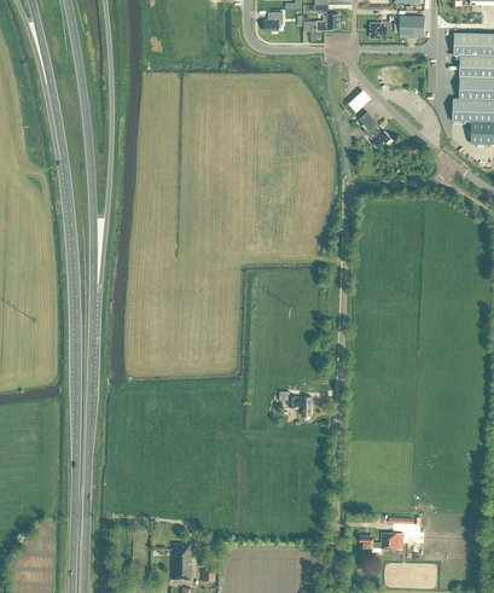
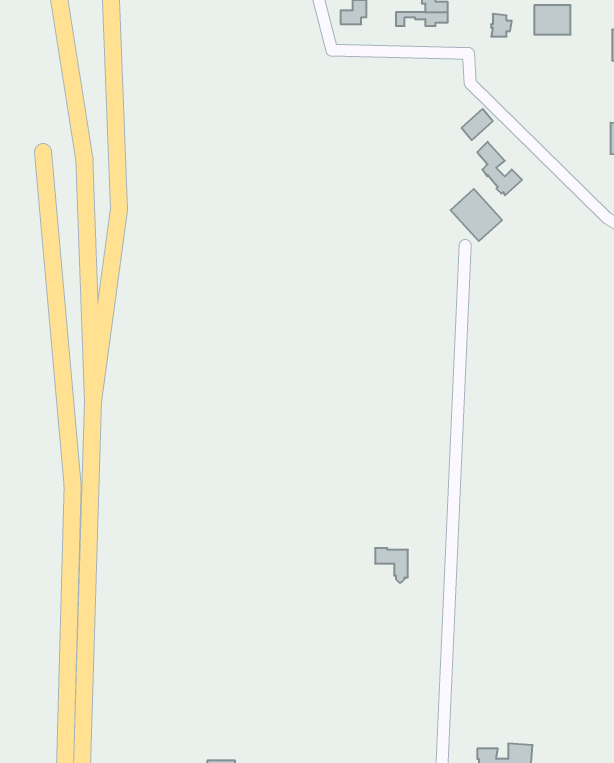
building: none -> [451,189,502,241]

